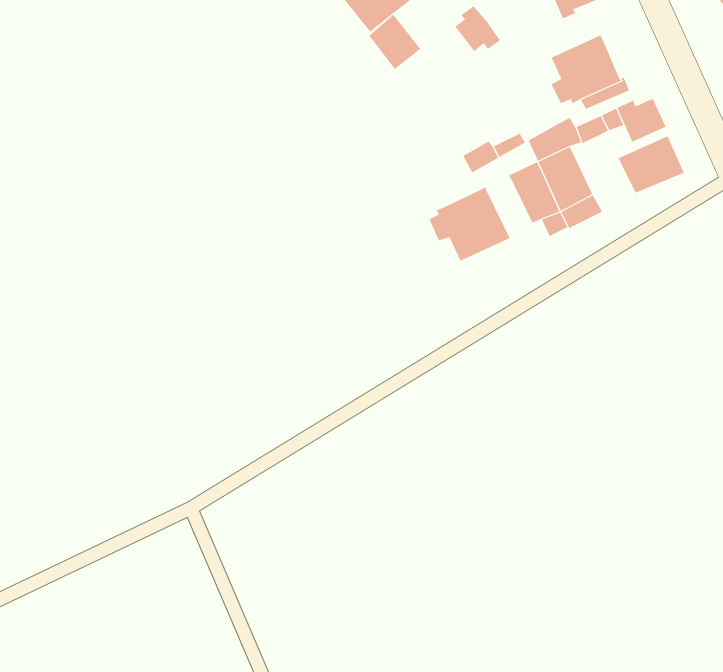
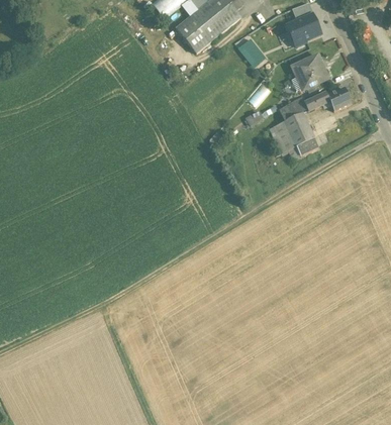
building: [368,14,421,70] -> none
building: [618,136,684,194] -> none
building: [429,187,510,262] -> none

